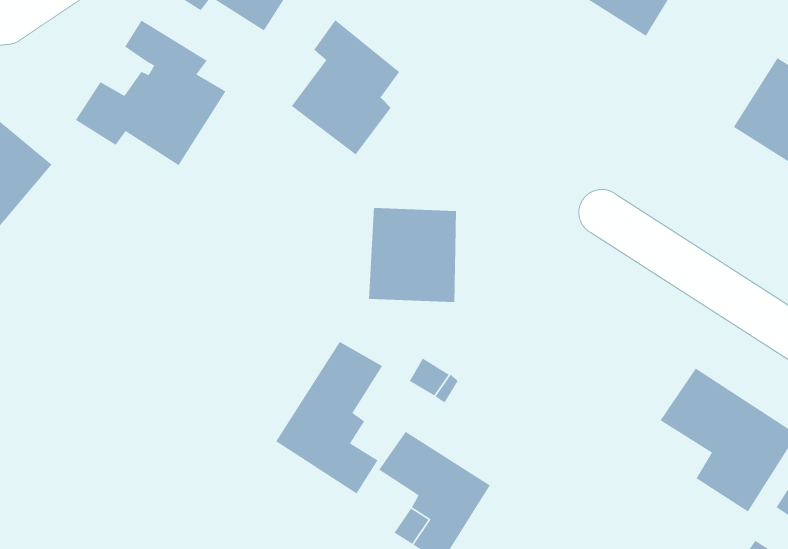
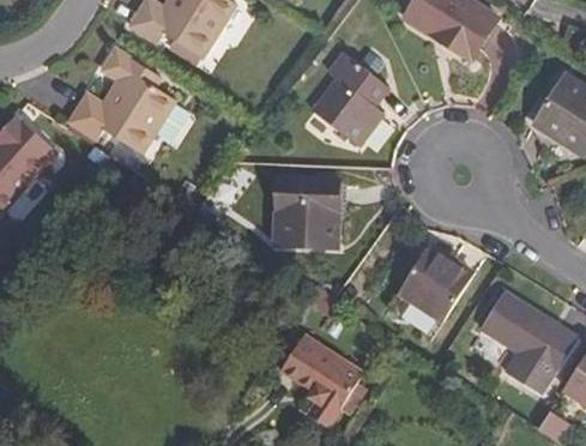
building: [291,19,400,156] -> [313,52,389,147]
building: none -> [399,247,472,320]
building: [275,341,383,495] -> none

